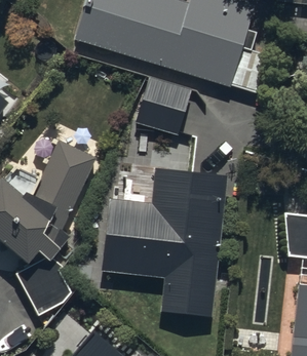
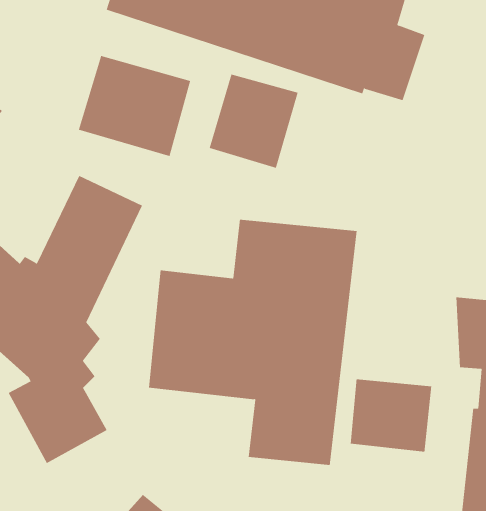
building: none -> [78,55,191,157]
building: none -> [350,379,432,453]

